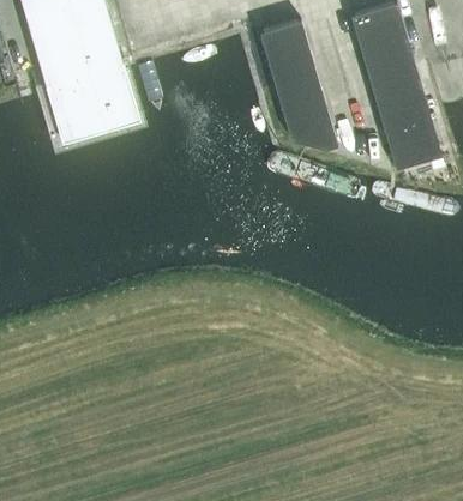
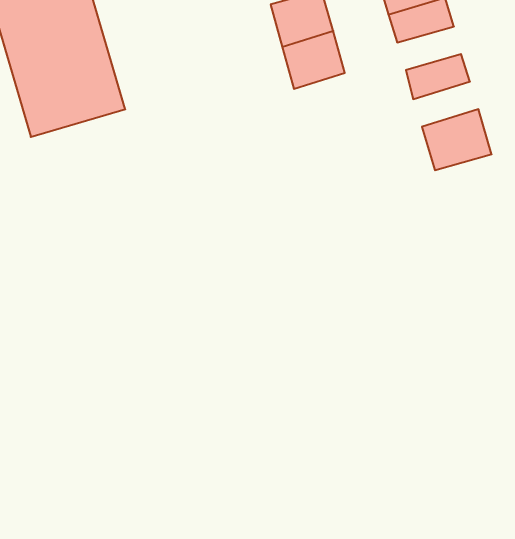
building: [365,52,417,87] -> none
building: [279,90,338,151] -> none
building: [378,97,432,134] -> none

